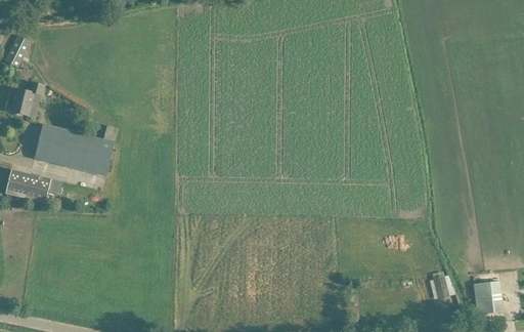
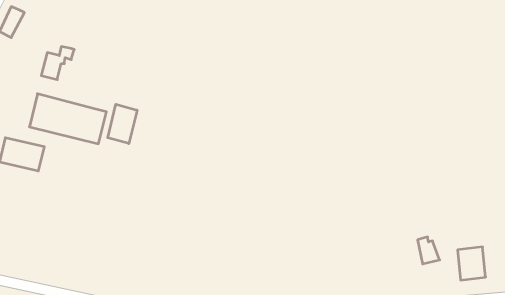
building: [10,83,44,117] -> [41,47,74,80]
building: none -> [108,104,137,144]

